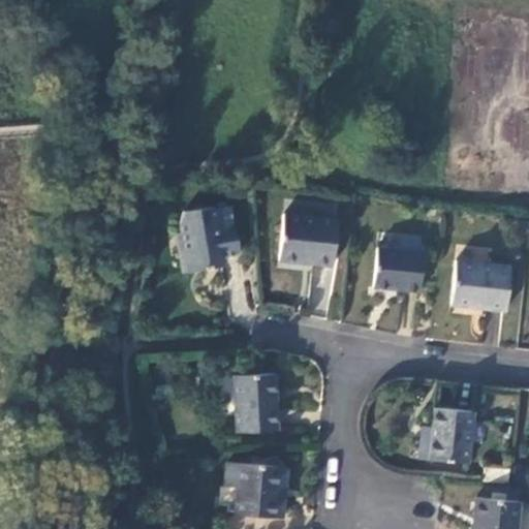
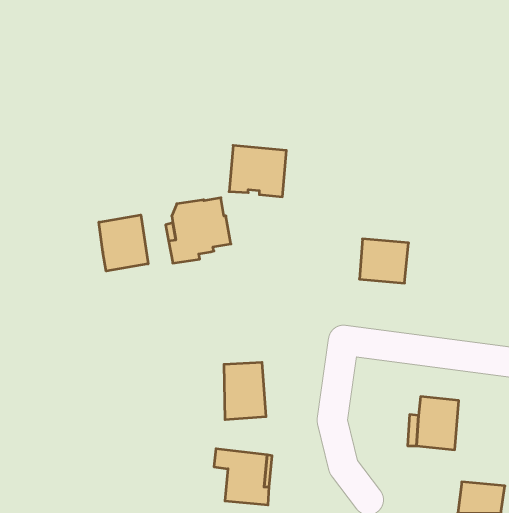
building: [279,214,338,267] -> [229,145,286,197]
building: none -> [99,215,148,271]
building: [455,262,511,311] -> none

